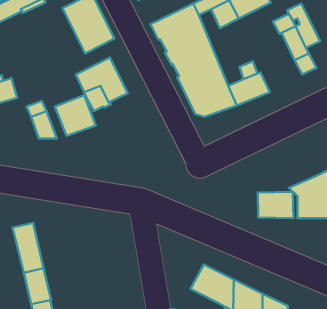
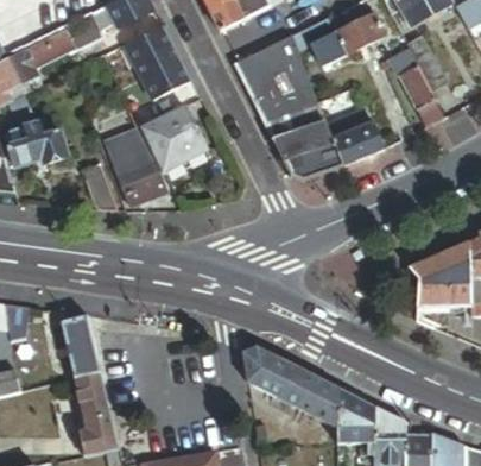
building: none -> [106,127,152,168]
building: [258,192,294,218] -> none
building: none -> [243,344,300,397]

